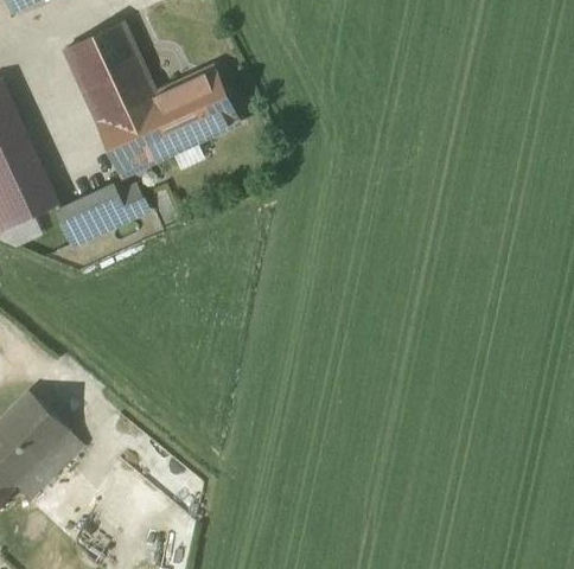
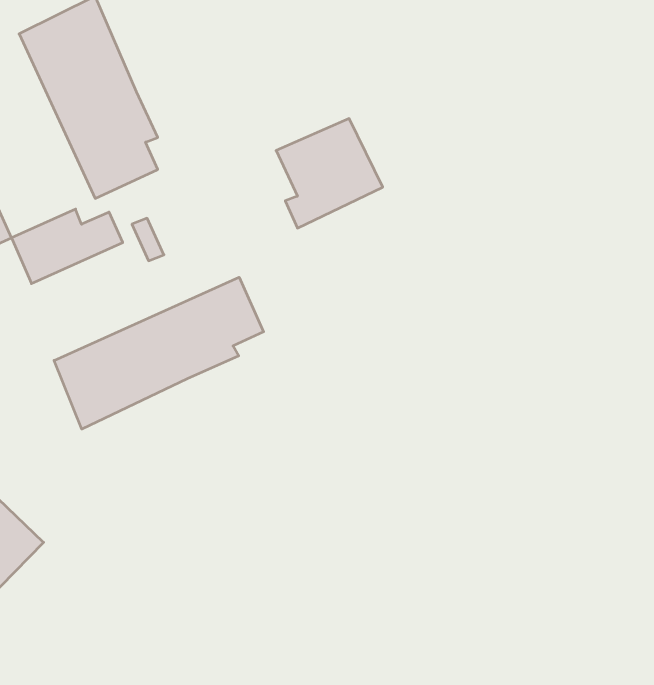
building: [157,69,240,154] -> [276,119,383,228]
building: none -> [54,277,264,429]

